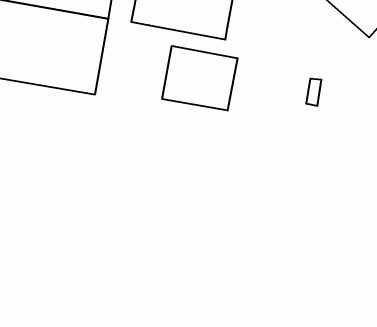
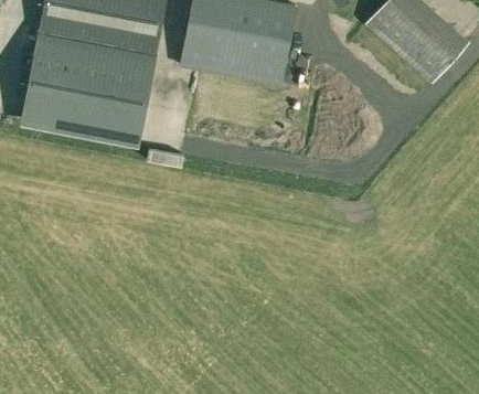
building: [162,46,238,111] -> none

